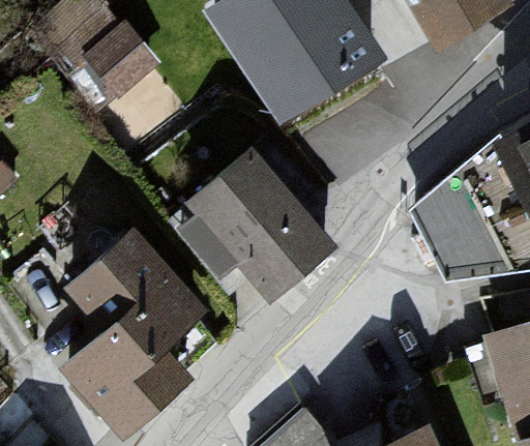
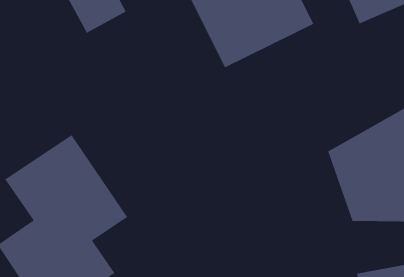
building: [188,151,328,292] -> none

